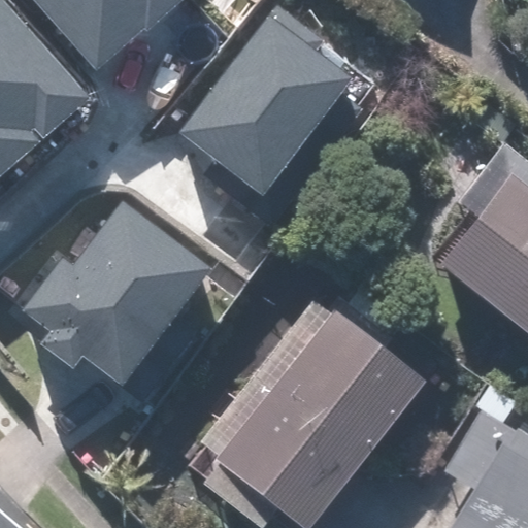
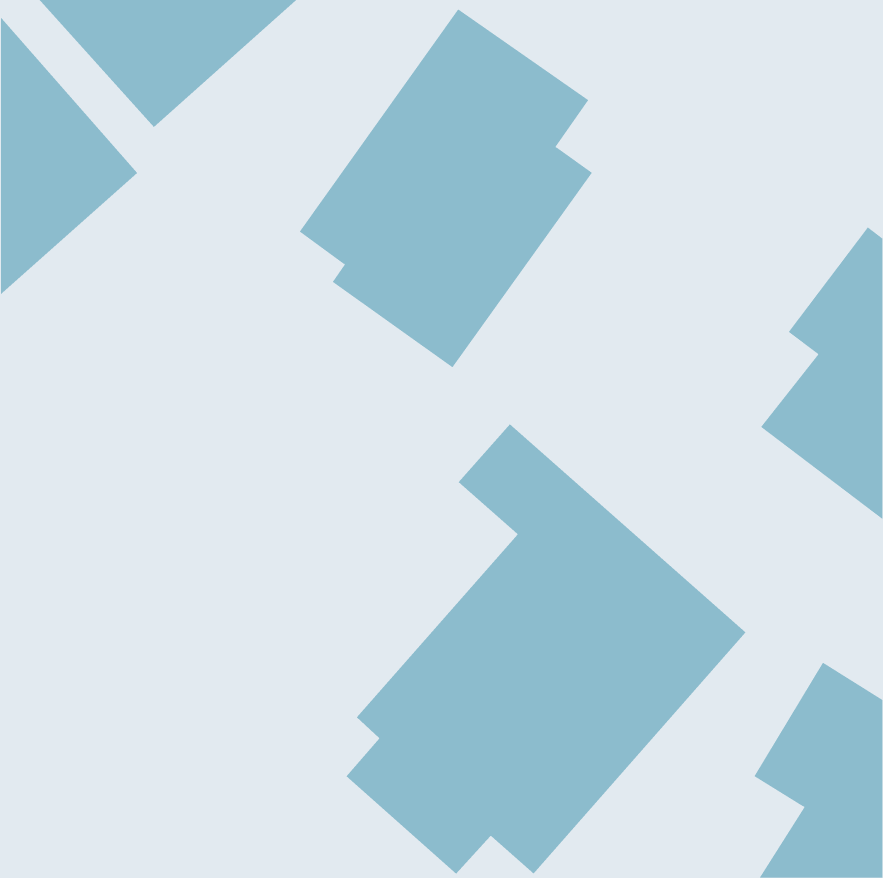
building: [11,200,204,400] -> none

